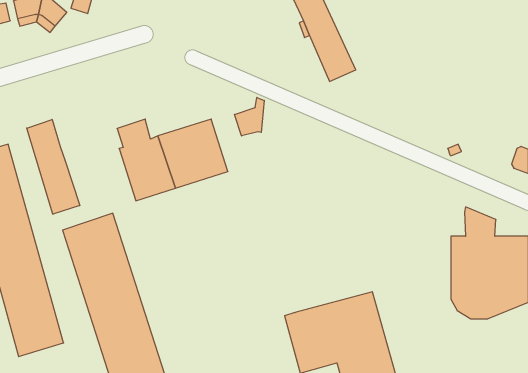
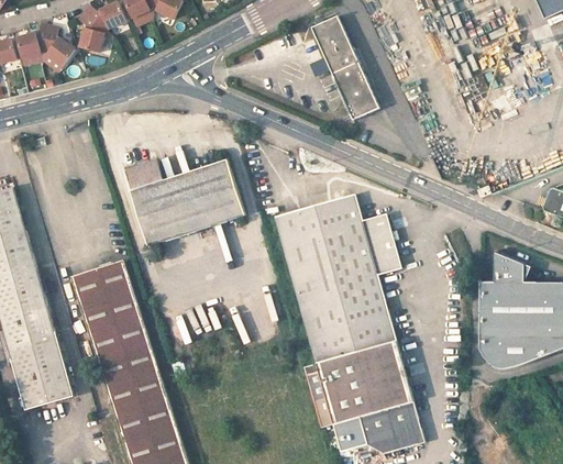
building: [235,97,264,136] -> none
building: [27,119,80,214] -> none
building: none -> [274,195,401,363]

